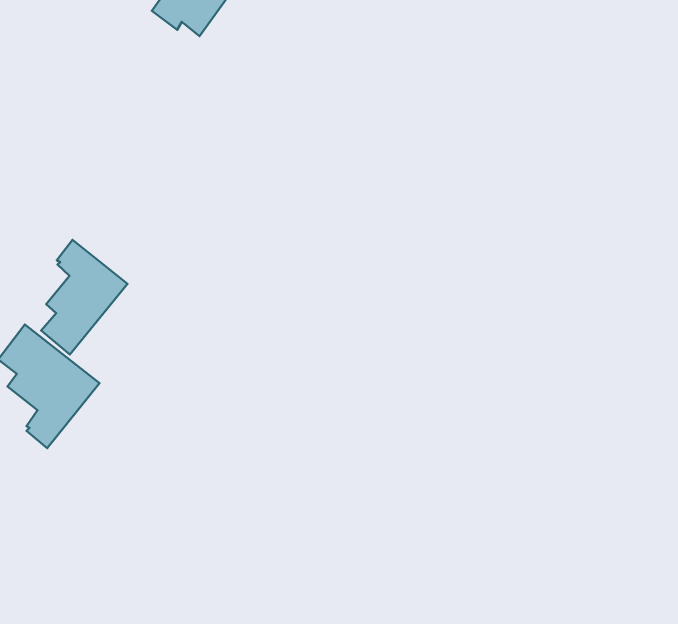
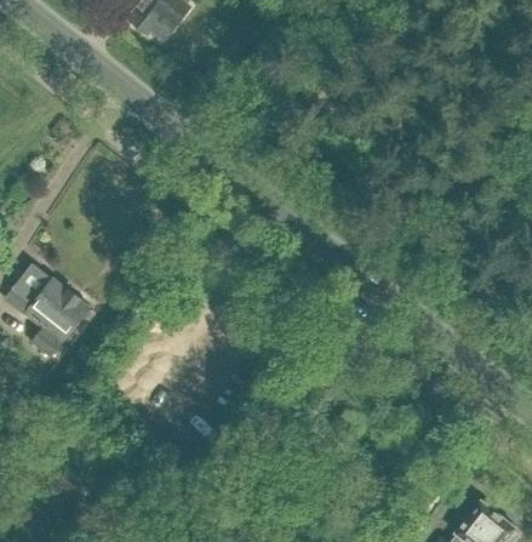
building: [41,240,128,354] -> none

